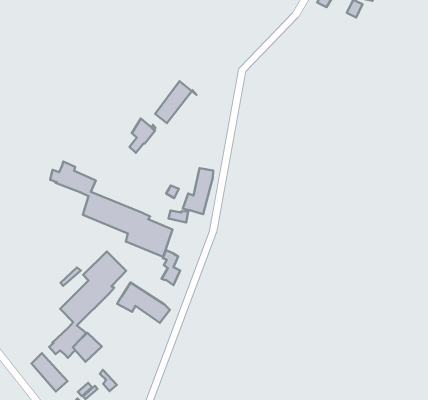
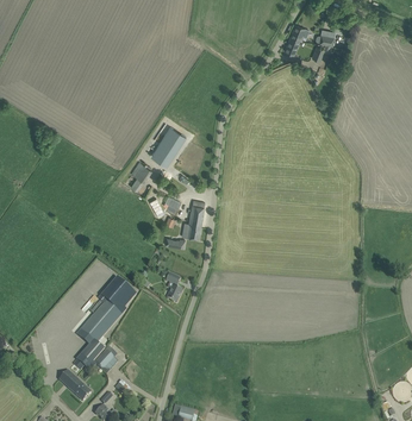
building: [50,162,172,257] -> none
building: [117,282,170,323] -> none

